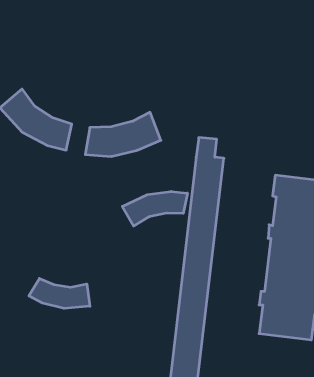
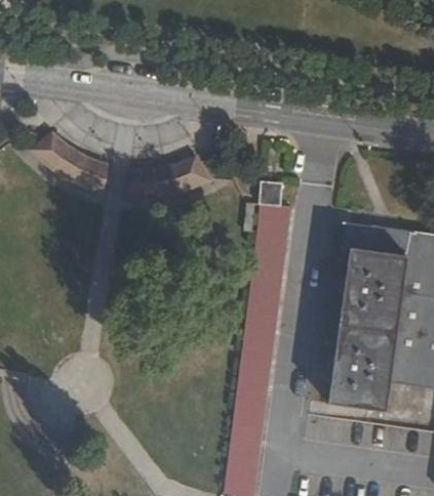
building: [122,191,187,226] -> none
building: [29,278,90,308] -> none

